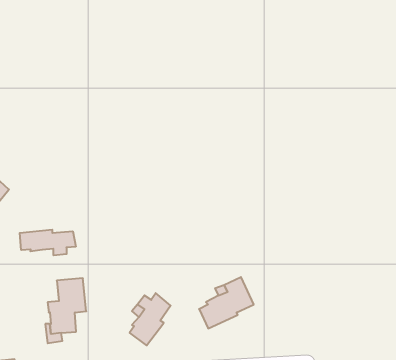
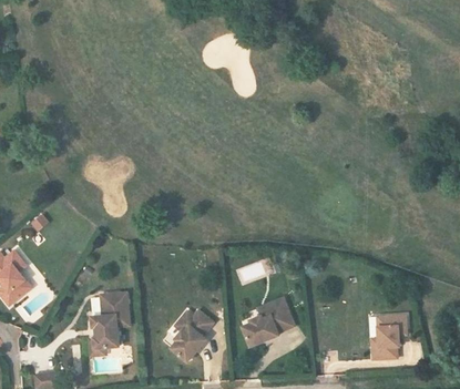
building: [20,230,76,255] -> none
building: none -> [362,309,399,354]

